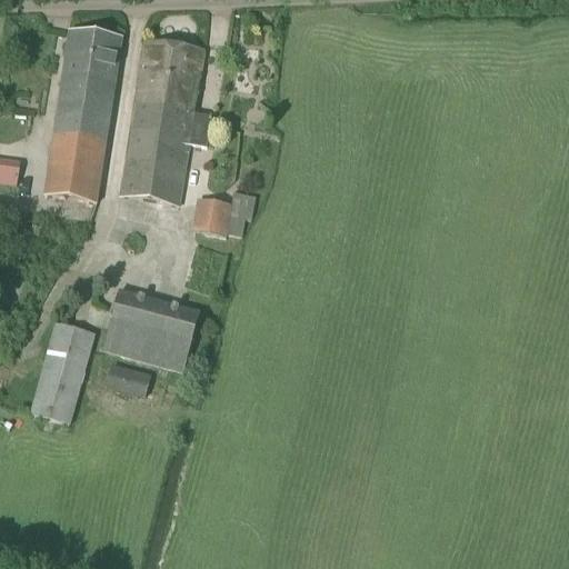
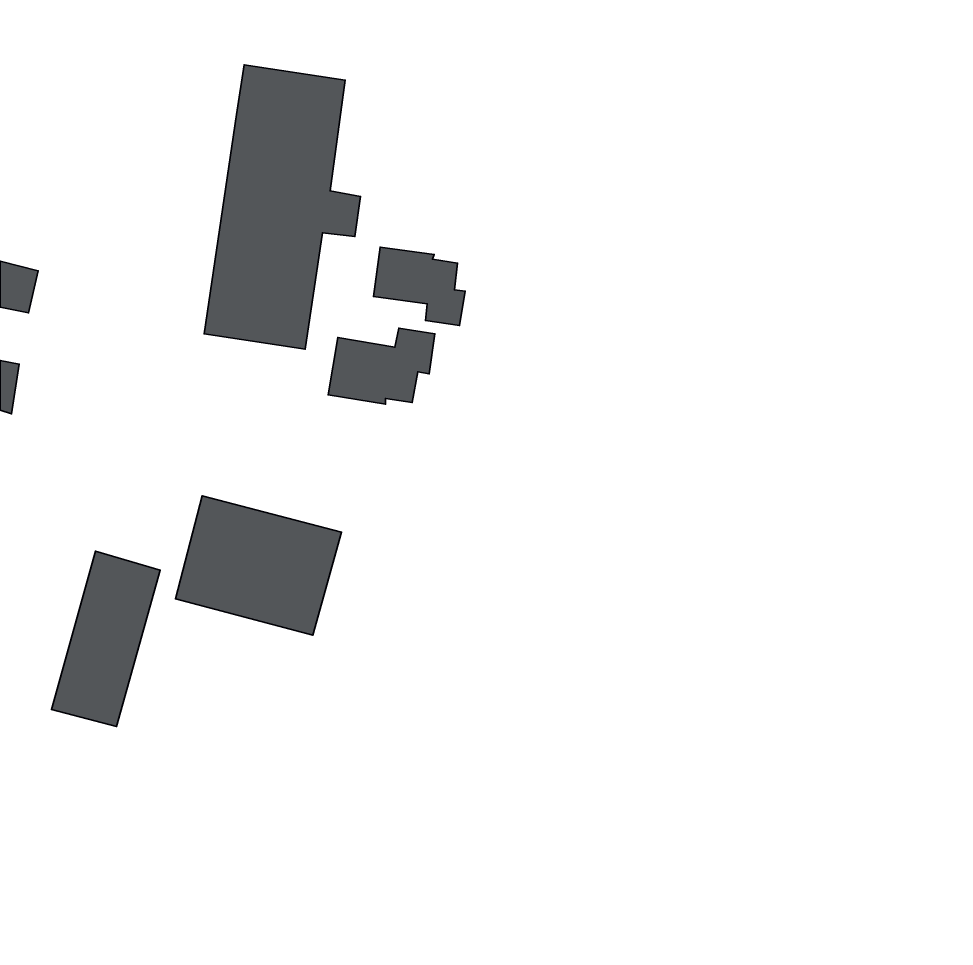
building: [44,29,121,202] -> none
building: none -> [373,247,465,326]
building: [107,365,150,397] -> none

